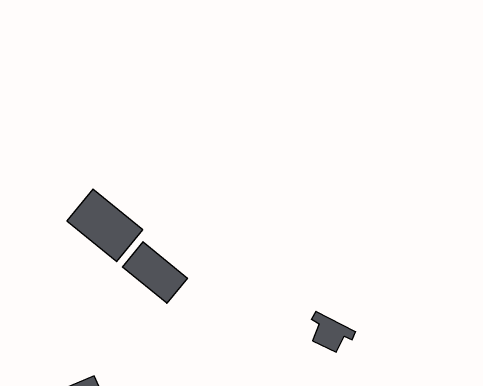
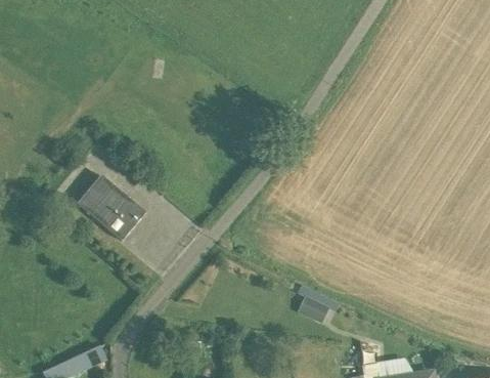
building: [122,242,187,303] -> none

